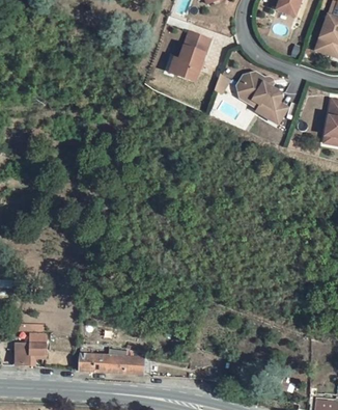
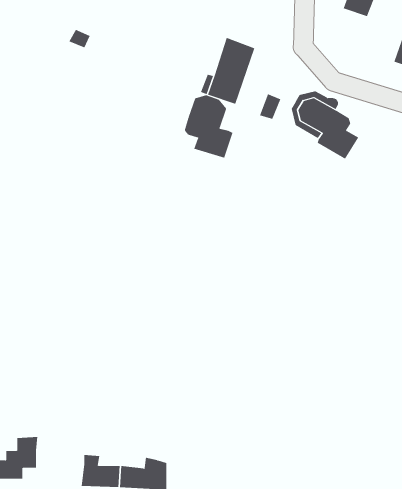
building: none -> [184,95,233,159]

